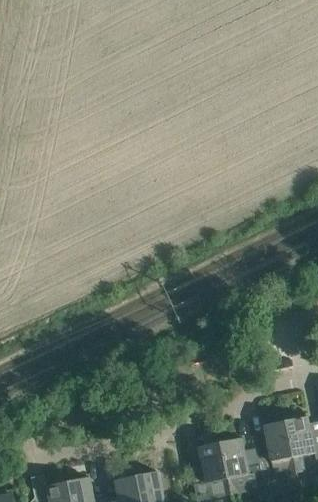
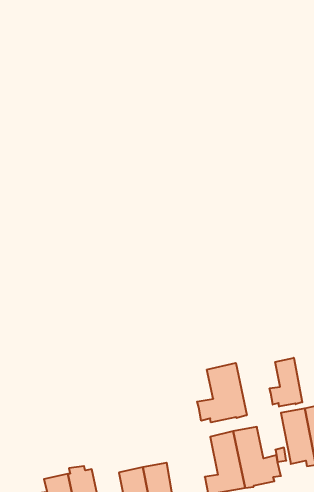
building: none -> [270,358,302,407]
building: none -> [197,363,247,422]

